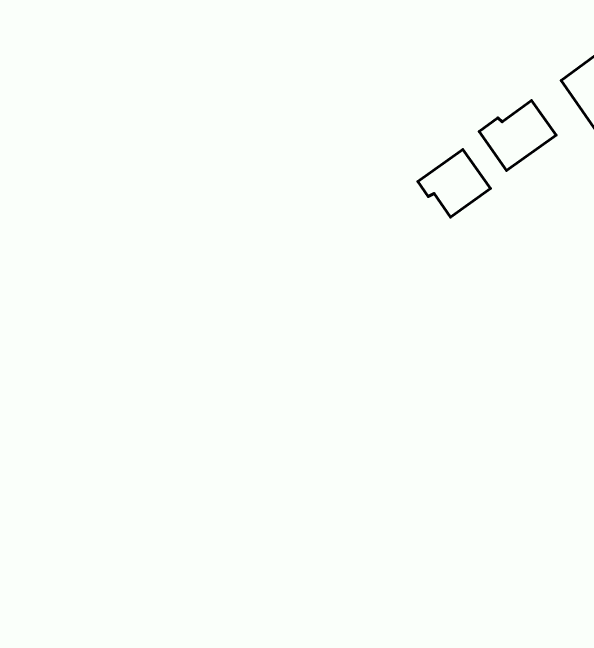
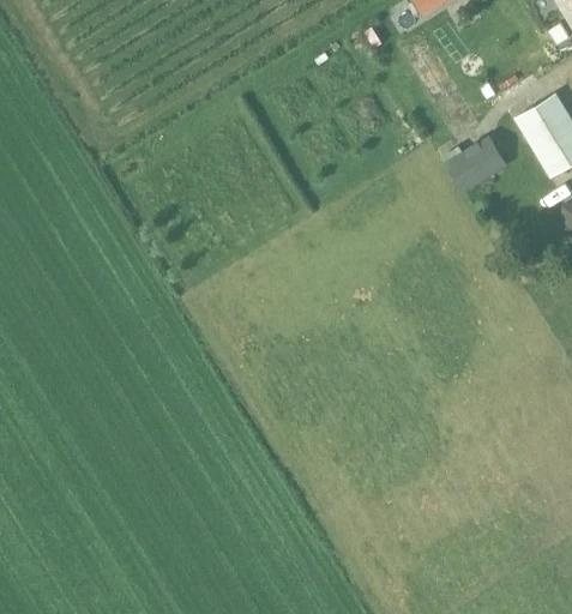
building: [418,150,490,217] -> none

